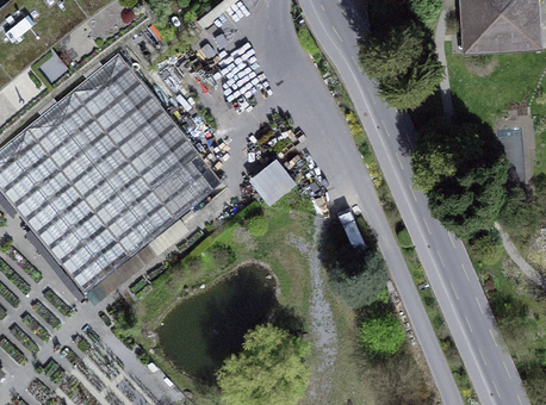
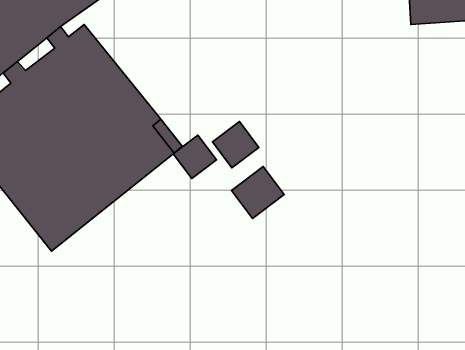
building: none -> [173,135,216,179]
building: none -> [232,167,284,218]

